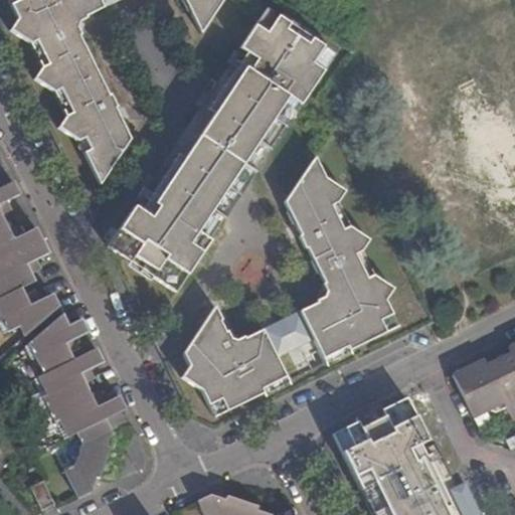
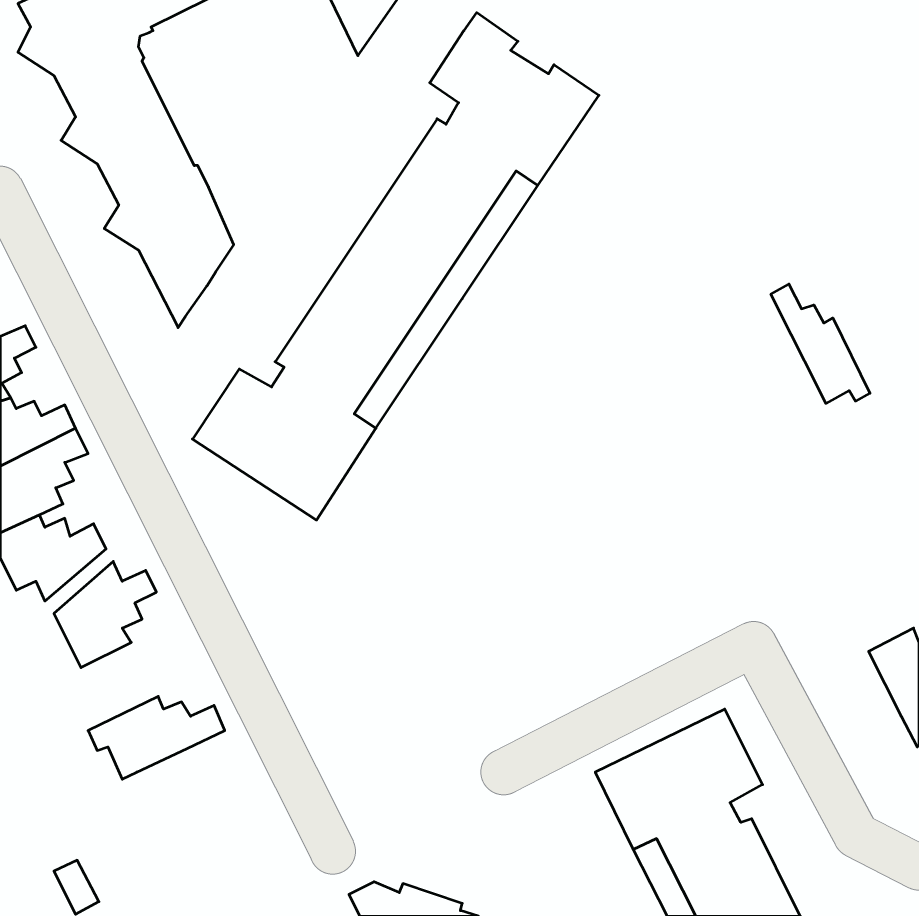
building: [285,154,393,357] -> none
building: none -> [771,284,870,403]
building: [182,305,288,409] -> none
building: [39,348,103,408] -> none
building: [453,358,504,415] -> none
building: [62,418,111,499] -> none

